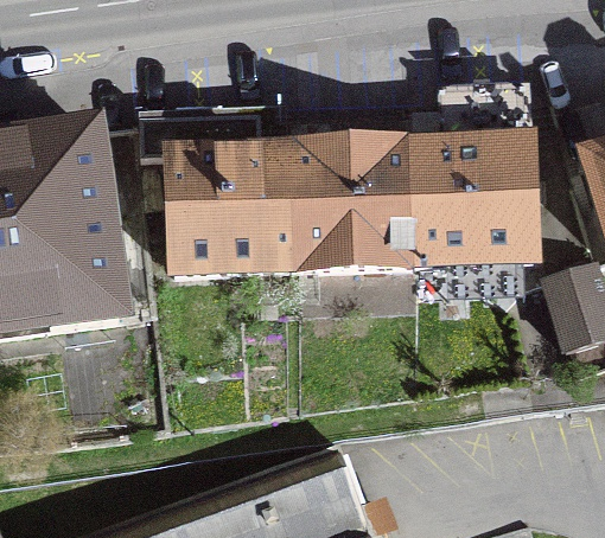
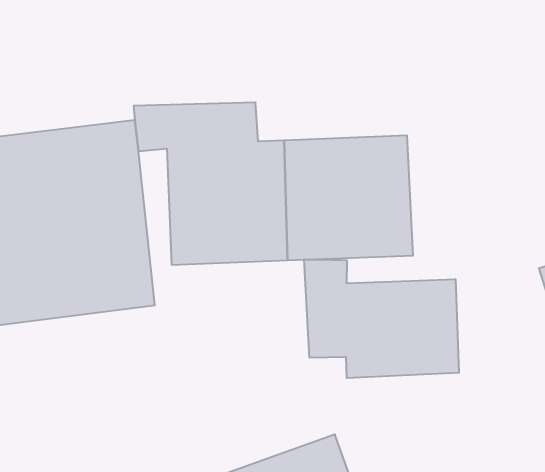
building: [408,89,530,268] -> none
building: none -> [304,259,459,378]

